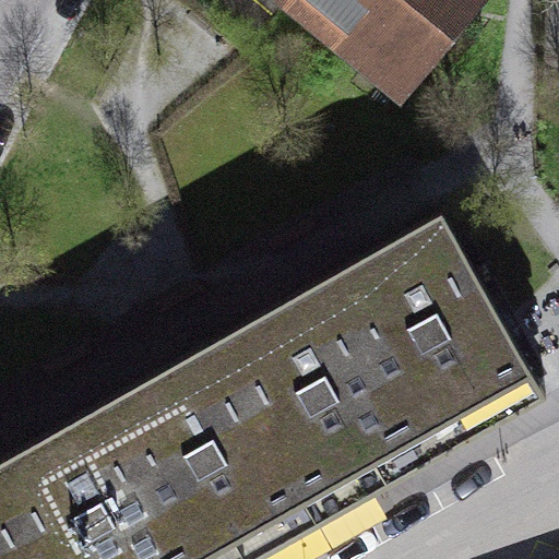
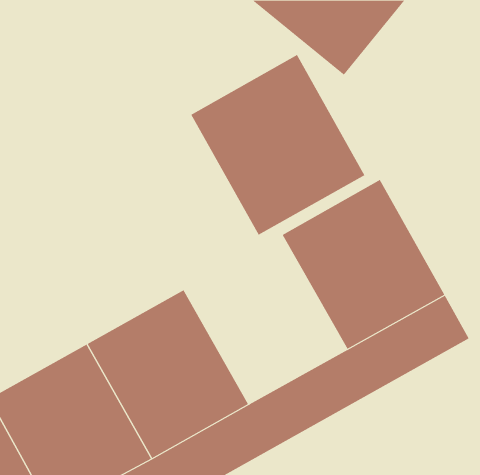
building: none -> [190,54,365,235]
building: [213,280,402,476] -> none

